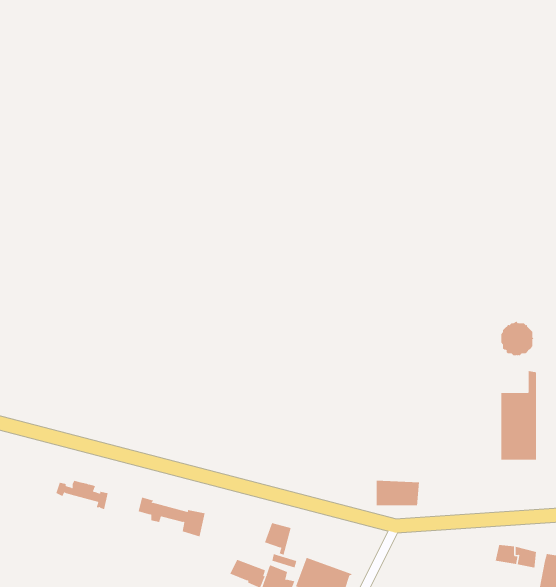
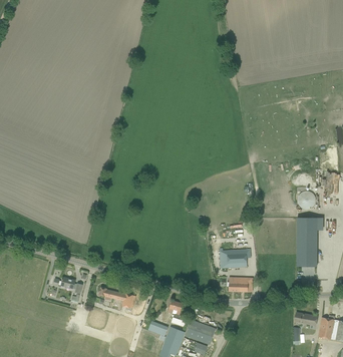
building: none -> [220,249,251,268]

